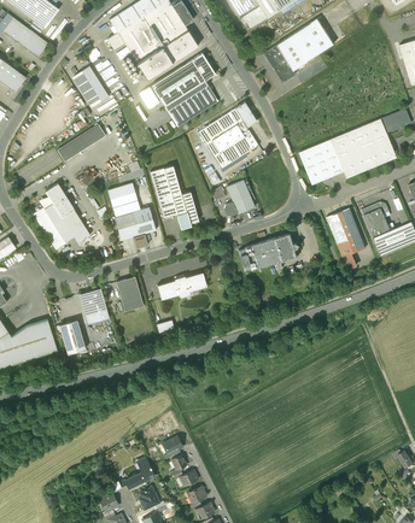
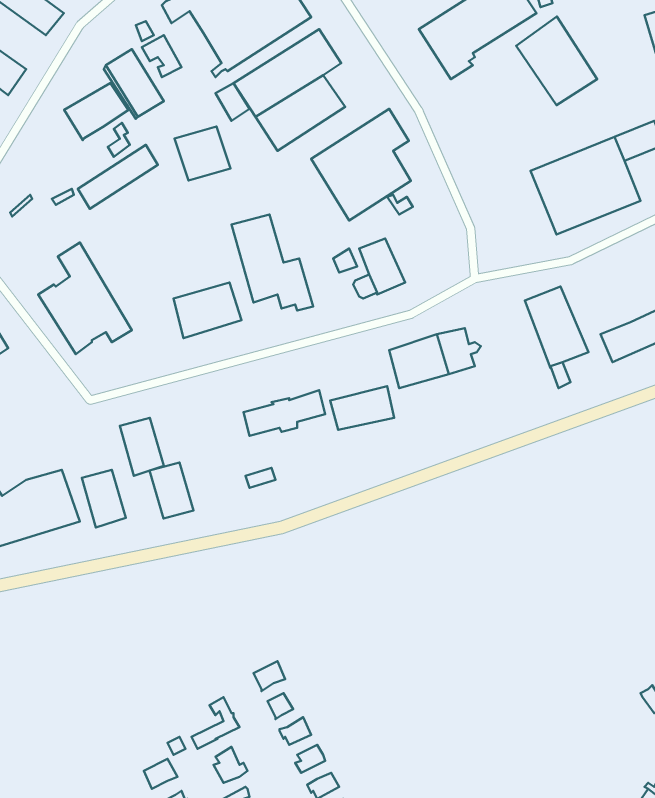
building: none -> [516,16,597,105]
building: none -> [64,83,128,140]
building: [299,139,344,184] -> none
building: [106,183,140,216] -> [175,127,230,180]
building: [361,201,391,237] -> none
building: none -> [330,386,394,430]
building: [116,277,142,311] -> [149,463,193,518]

